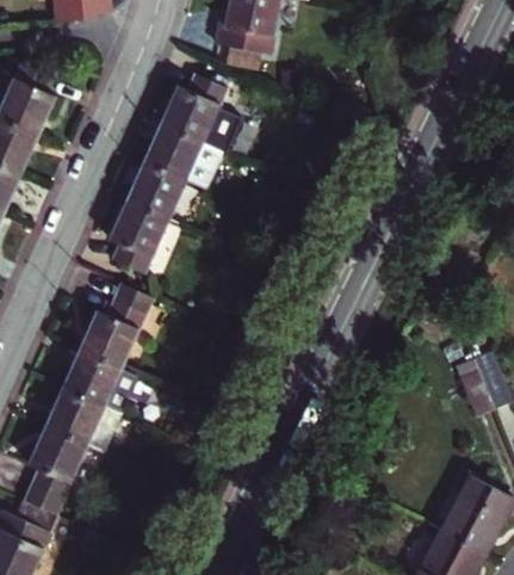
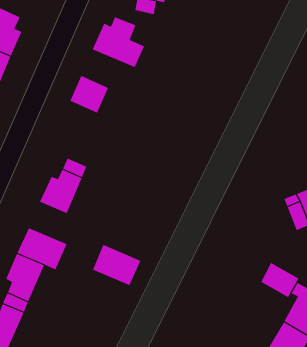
building: [142,124,223,191] -> none
building: [107,200,167,273] -> none
building: [64,351,137,413] -> [92,244,141,286]
building: none -> [260,262,299,297]

